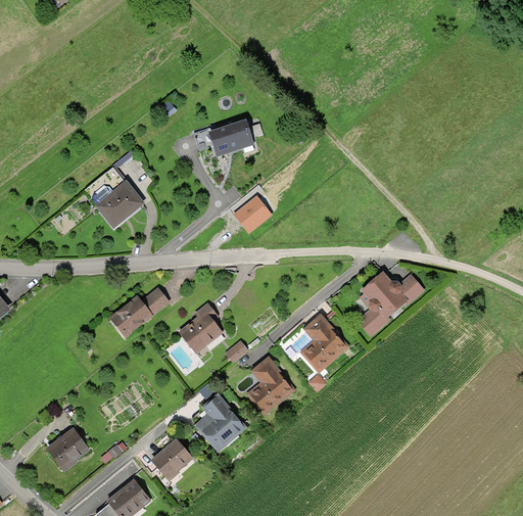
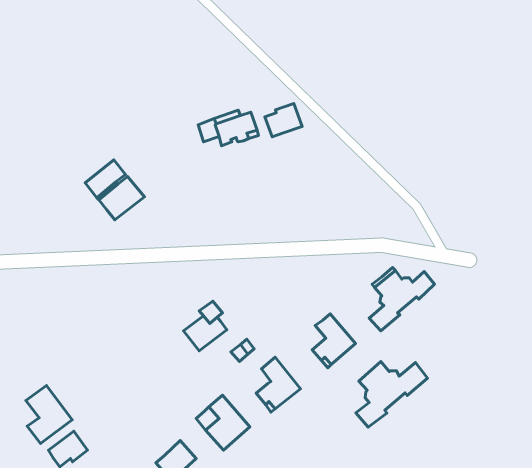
building: none -> [265,104,302,137]
building: [232,194,272,232] -> none
building: [116,288,169,333] -> none
building: none -> [356,362,428,427]
building: none -> [26,386,72,444]

